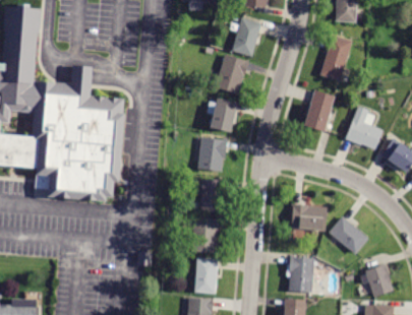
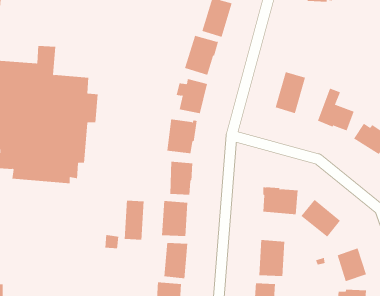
building: [320,36,352,81] -> none
building: none -> [124,200,144,241]

